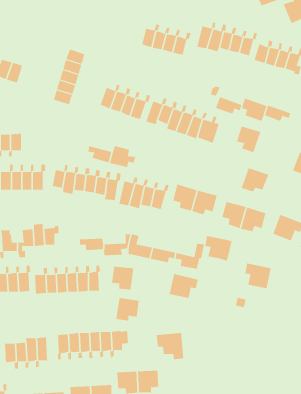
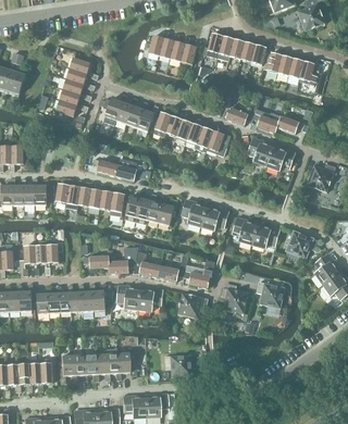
building: [241,167,269,192] -> [265,145,295,171]
building: [205,236,233,262] -> [219,287,248,314]
building: [116,297,140,321] -> [137,287,162,312]

